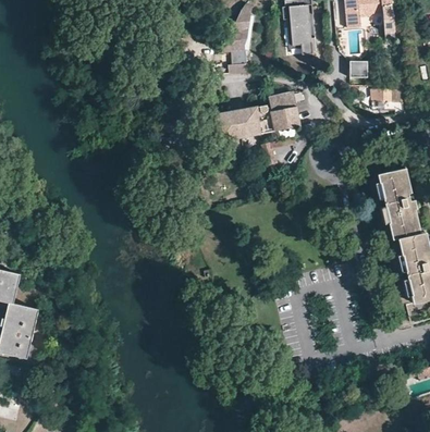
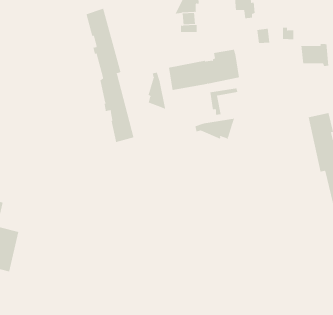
building: none -> [86,8,134,143]
building: none -> [148,72,166,110]
building: none -> [195,118,235,140]

